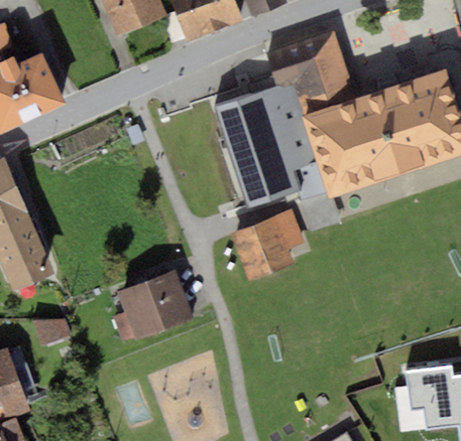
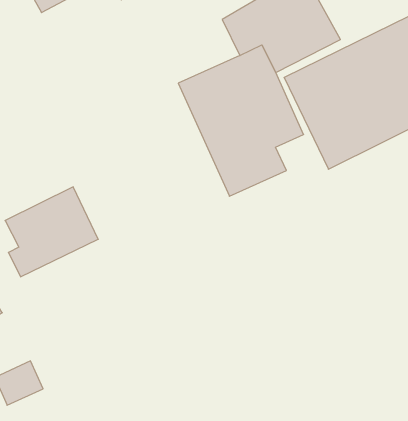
building: [234,211,307,279] -> none
building: [117,273,192,339] -> [5,187,98,277]

